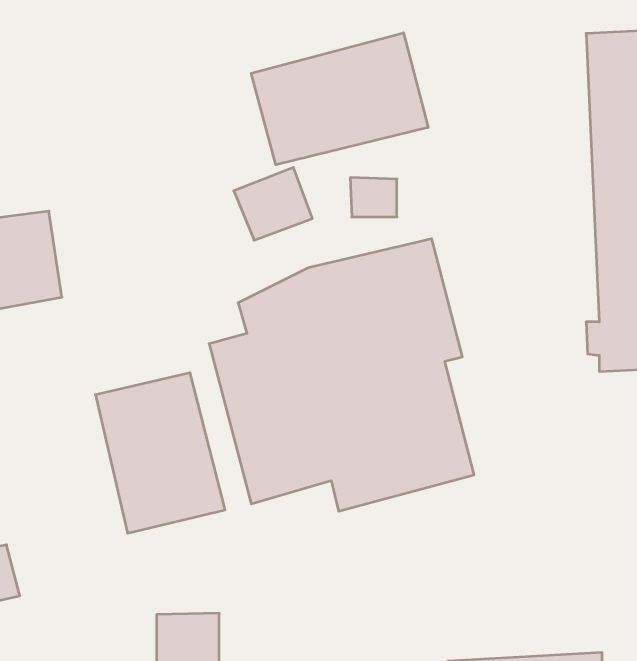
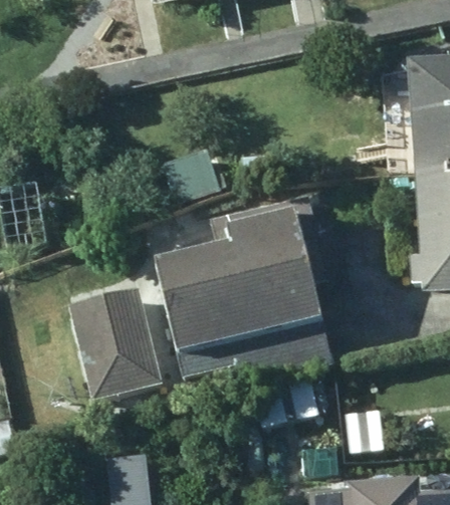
building: [251,33,428,165] -> none

